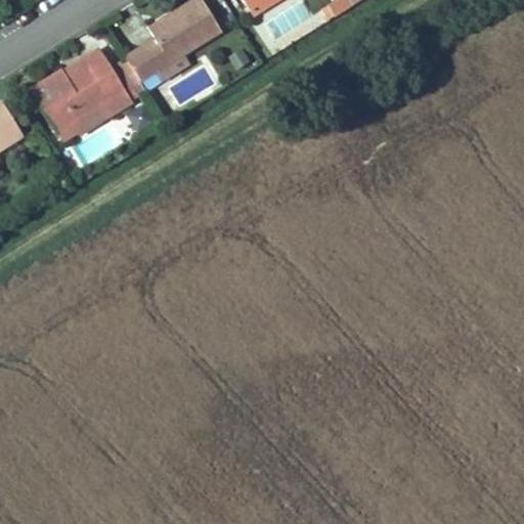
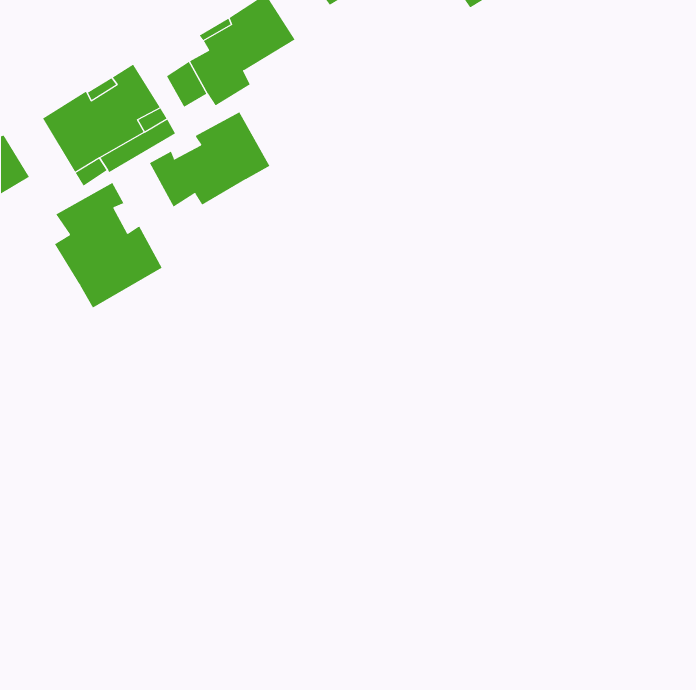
building: none -> [149,112,270,207]
building: none -> [54,182,163,308]

